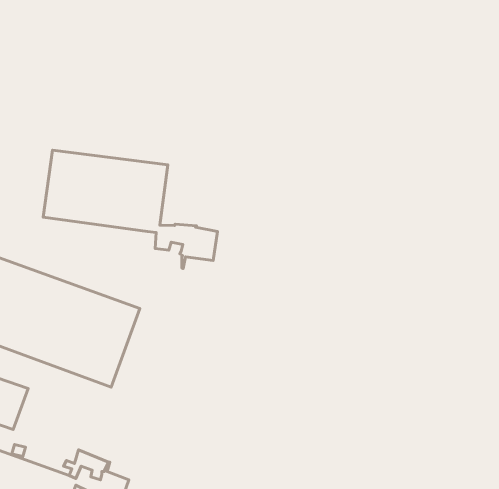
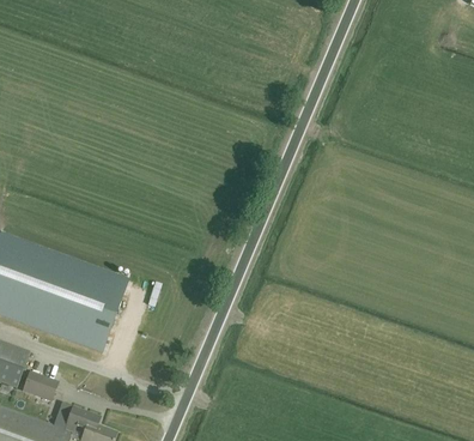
building: [43,150,217,269] -> none
building: none -> [22,370,59,400]

